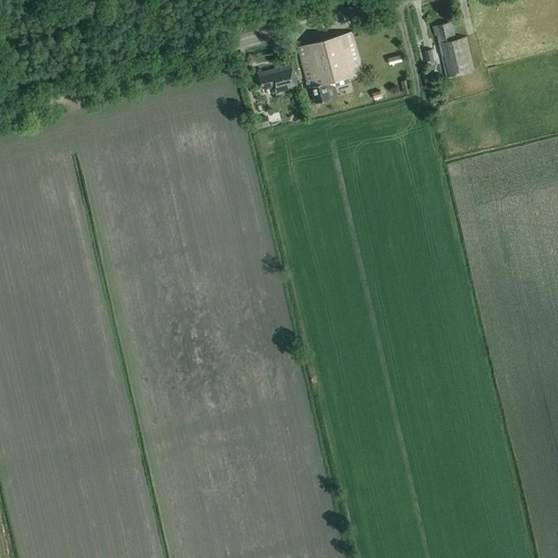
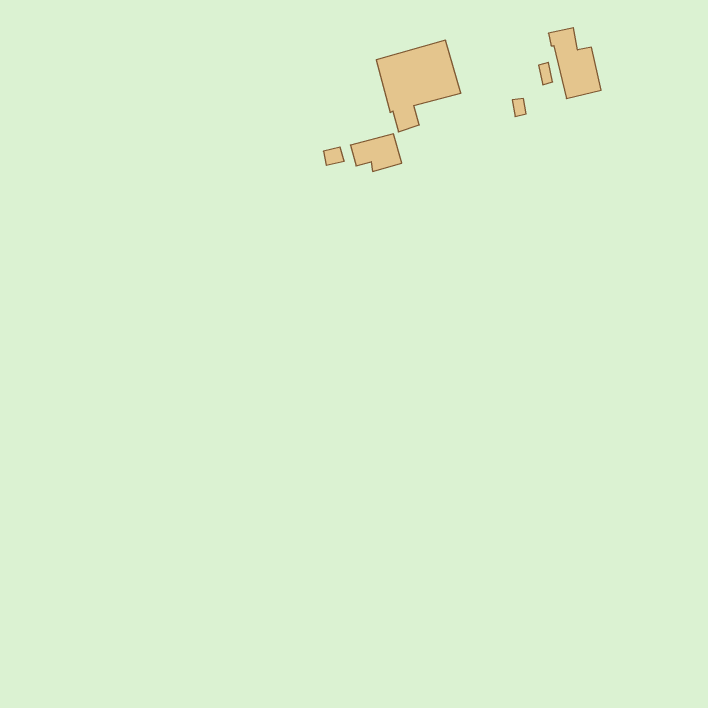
building: [257,64,298,94] -> [350,134,402,171]

